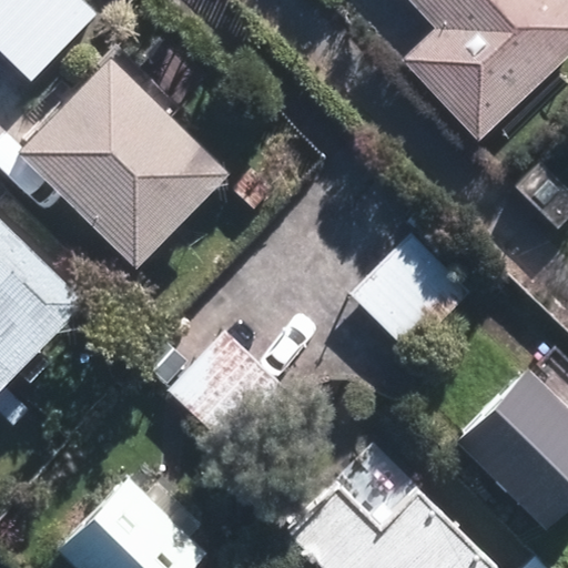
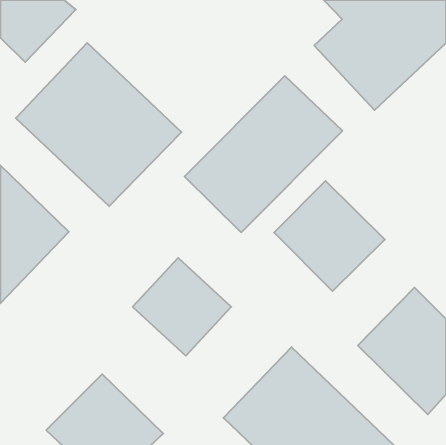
building: none -> [185,76,342,232]

